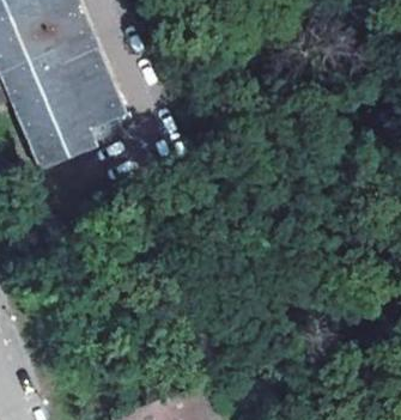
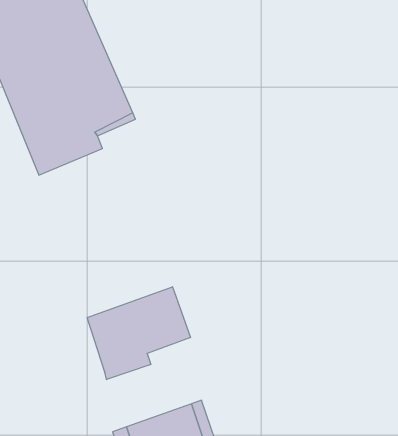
building: none -> [87,287,190,380]

